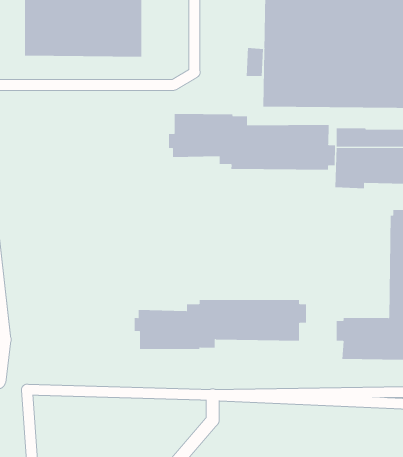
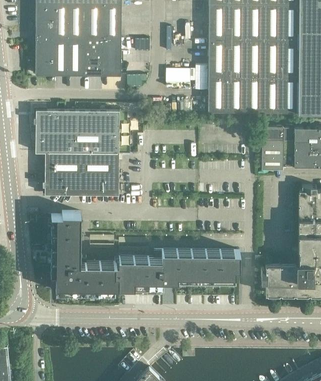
building: none -> [35,109,119,195]
building: [168,113,335,171] -> none
building: none -> [49,213,118,292]

